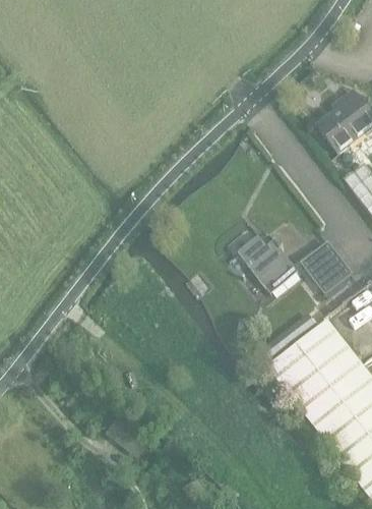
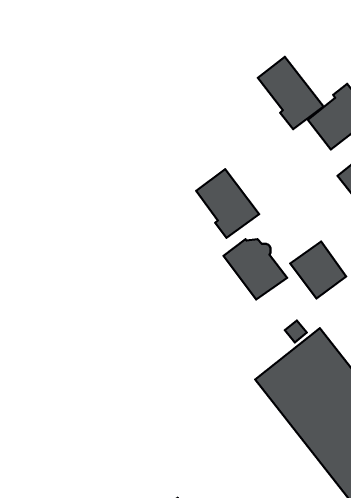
building: none -> [258,57,324,129]
building: none -> [196,169,259,238]

